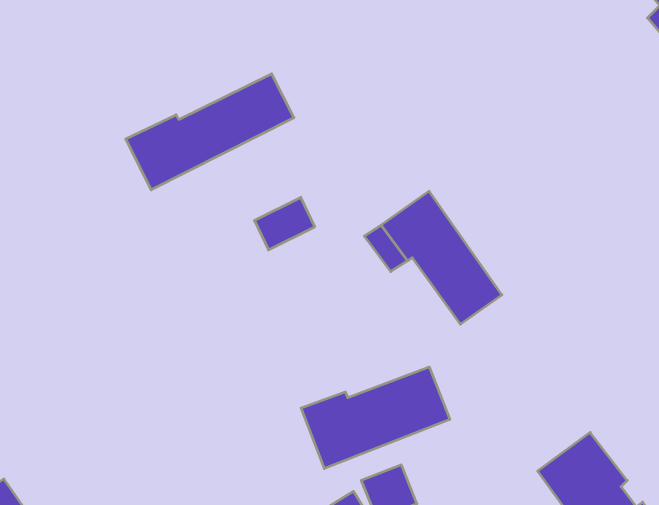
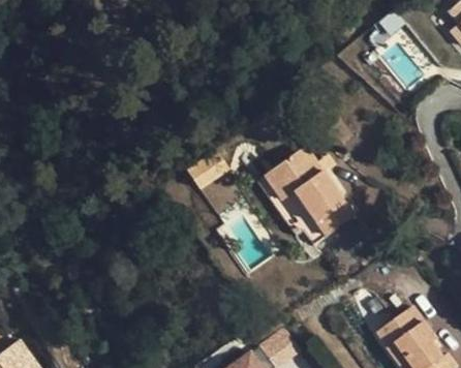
building: [126,74,294,190] -> none
building: [301,367,450,469] -> none

